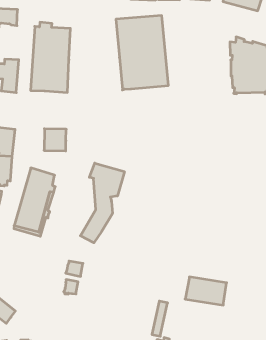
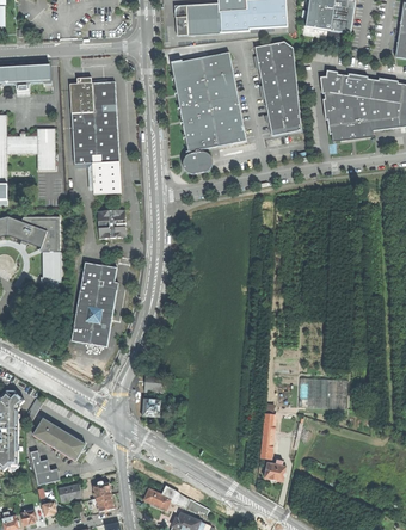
building: none -> [254,41,301,134]
building: none -> [183,150,211,172]
building: none -> [91,161,121,193]
building: [80,163,124,243] -> none

